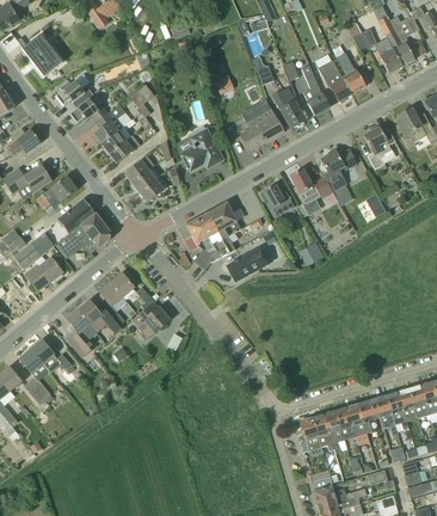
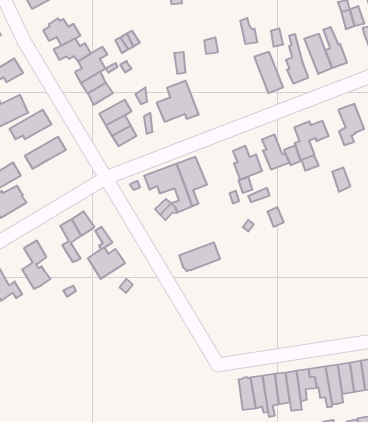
building: [239,105,284,150] -> none
building: [55,213,110,257] -> none
building: [226,247,267,280] -> [179,242,220,271]
building: [78,300,121,333] -> none

